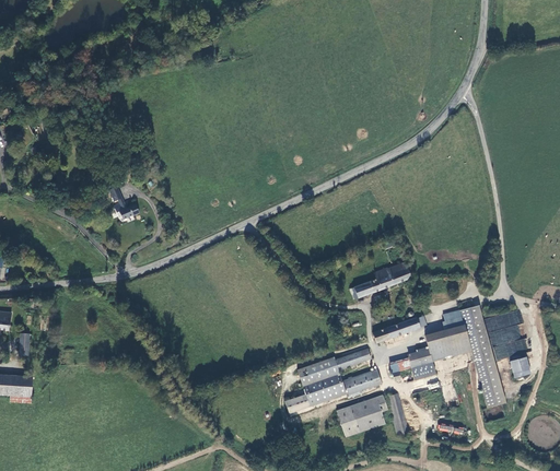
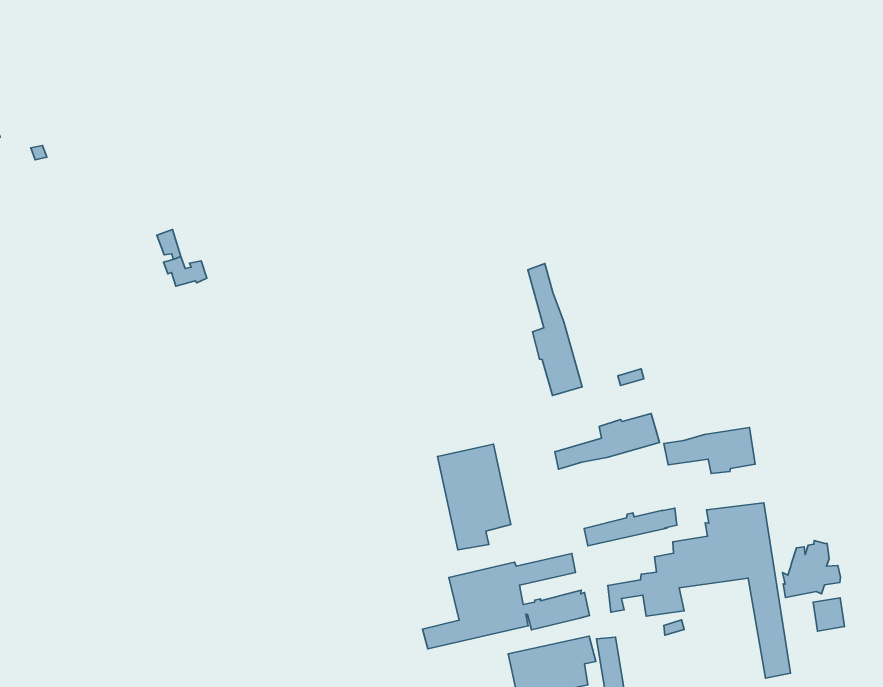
building: none -> [528,263,582,395]
building: none -> [664,427,755,473]
building: none -> [438,444,511,550]

